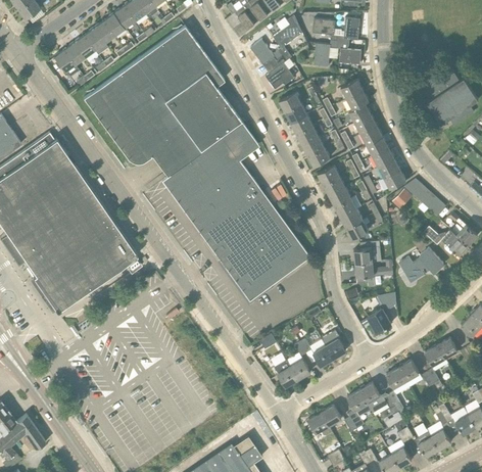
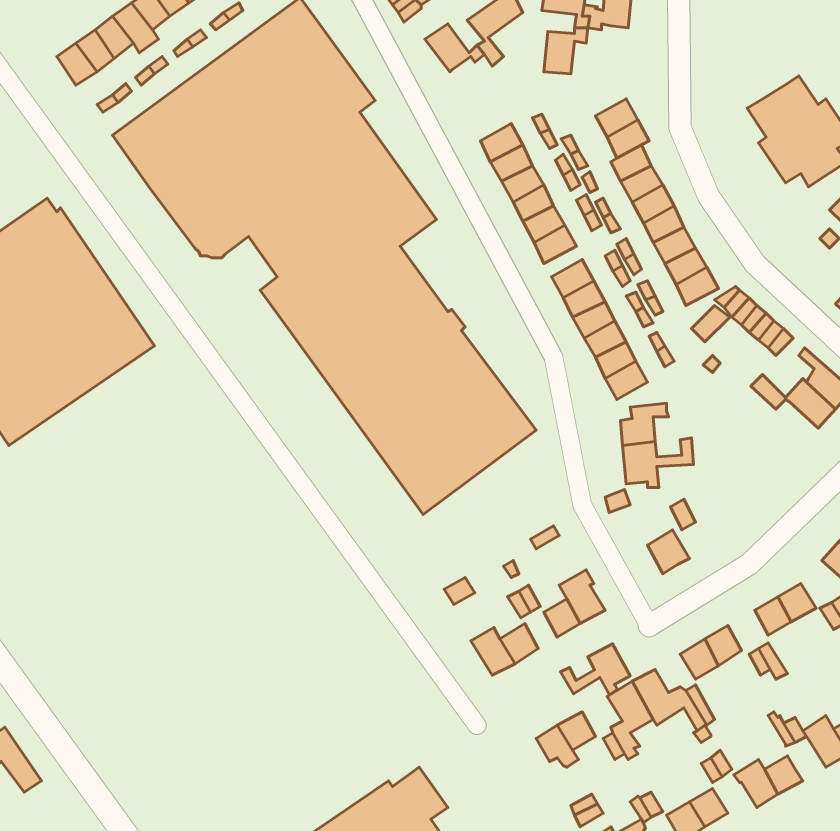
building: [336,39,361,64] -> none
building: [264,55,295,89] -> none
building: [29,210,142,311] -> none
building: [400,247,444,281] -> none
building: none -> [560,644,630,695]

